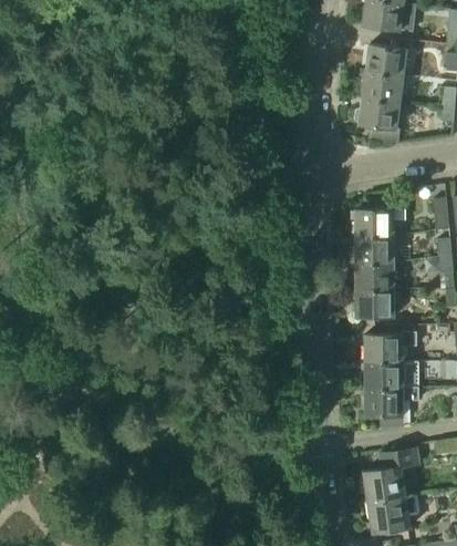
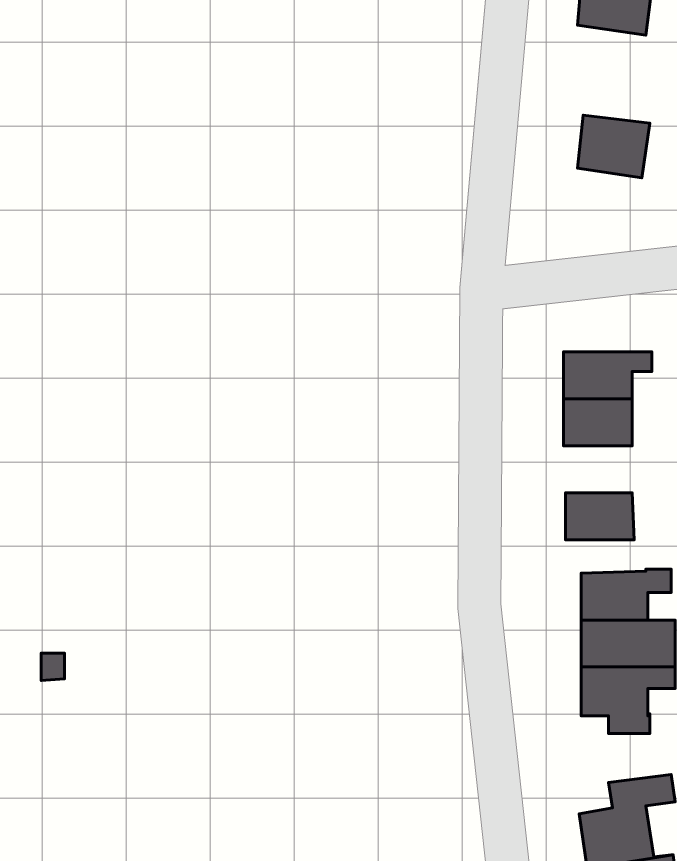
building: [365,43,406,80] -> none
building: [355,105,401,142] -> none
building: [354,262,393,289] -> none

